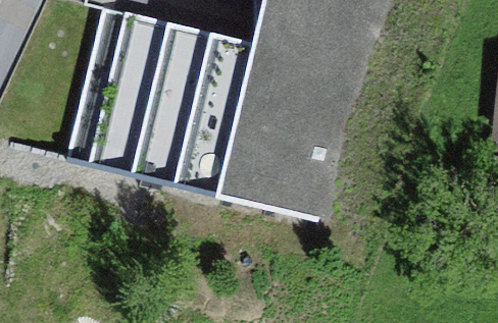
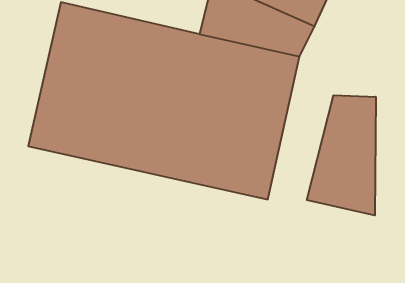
building: none -> [307,95,376,215]

